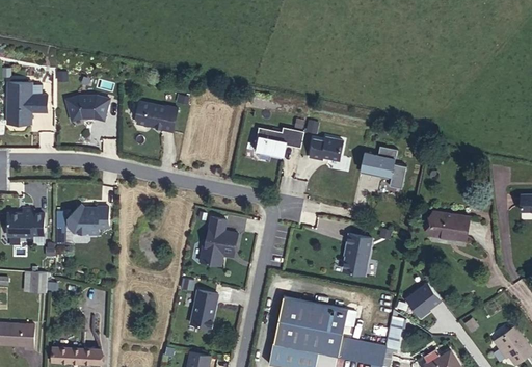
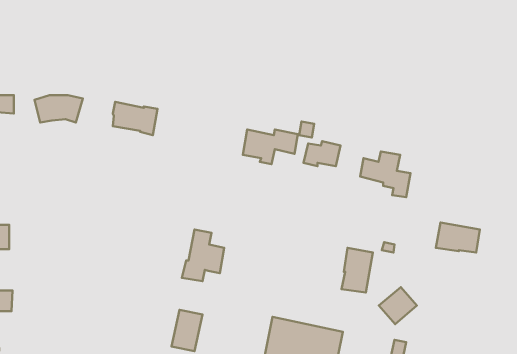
building: [68,206,109,234] -> none
building: [407,284,442,317] -> [379,287,417,324]

